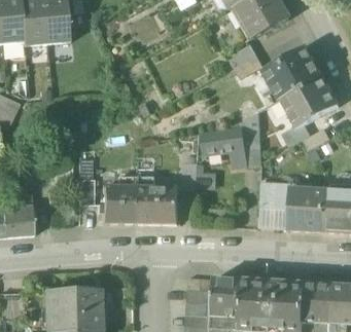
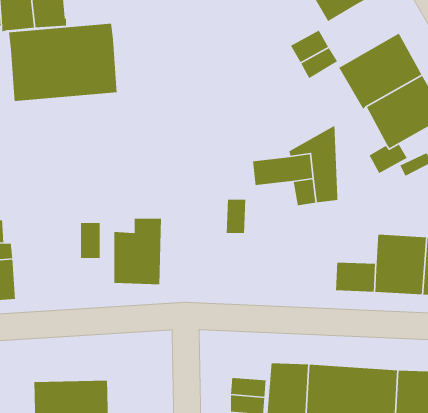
building: none -> [8,23,118,102]
building: [136,176,177,223] -> none
building: [260,183,290,208] -> none

